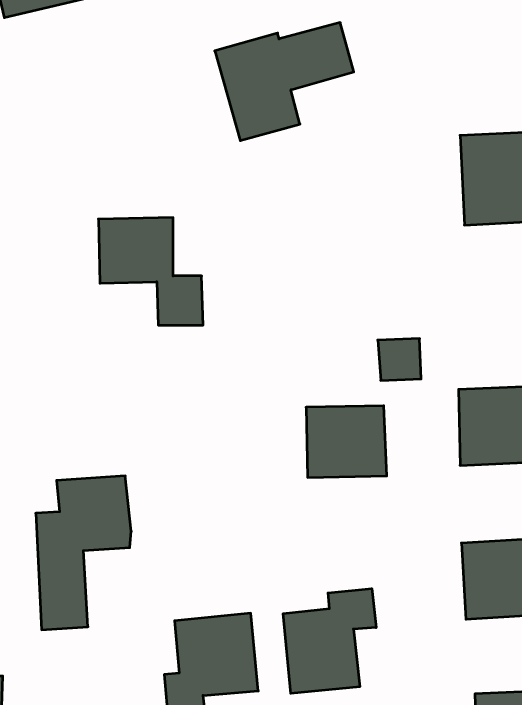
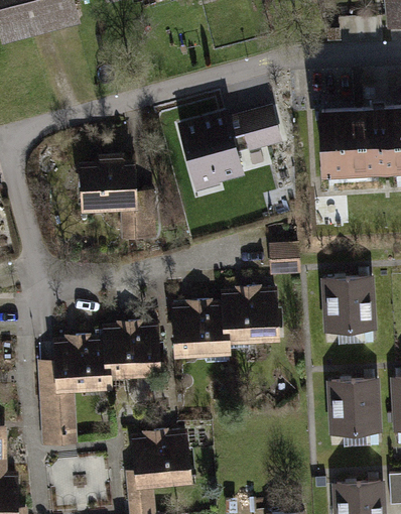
building: [215,23,354,141] -> [184,108,278,187]
building: none -> [174,305,224,356]
building: none -> [103,326,158,377]
building: [283,589,376,693] -> none

